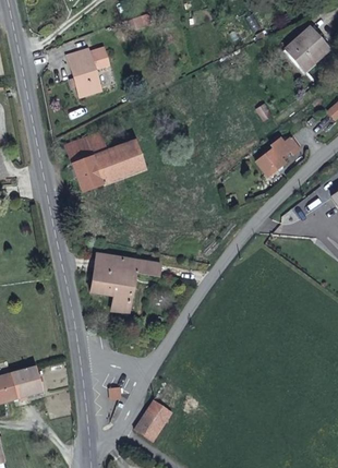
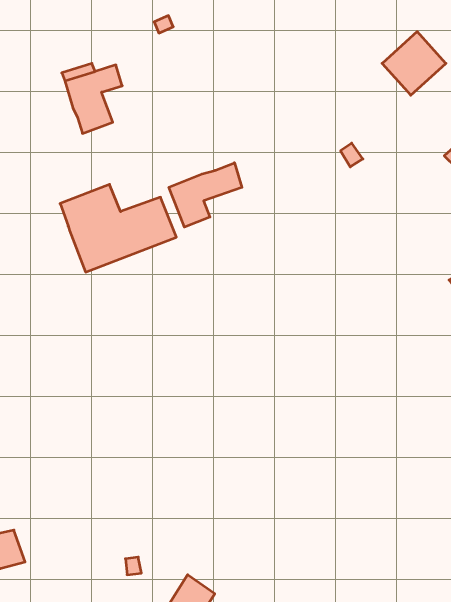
building: none -> [169,163,242,227]
building: [256,136,300,177] -> none
building: [90,254,160,311] -> none

